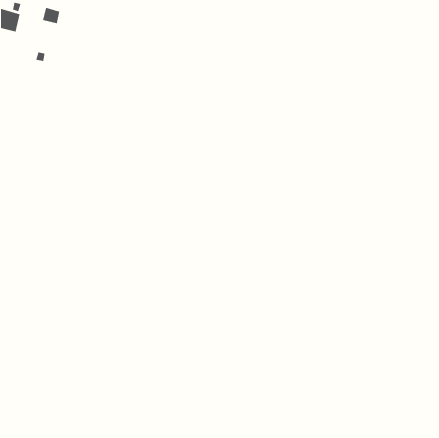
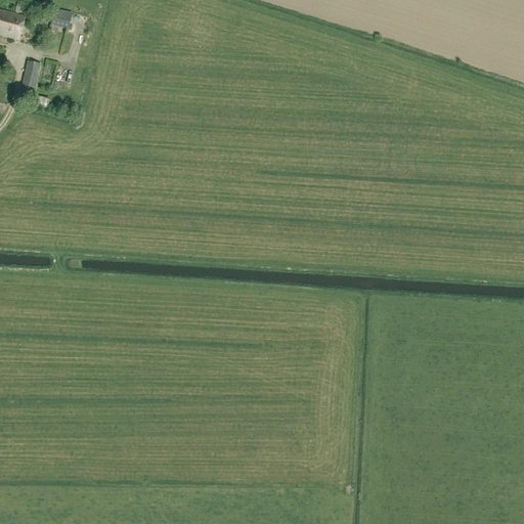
building: none -> [21,60,41,88]

